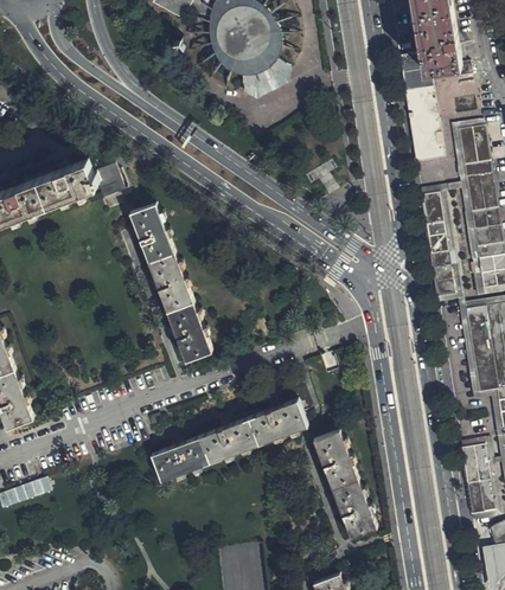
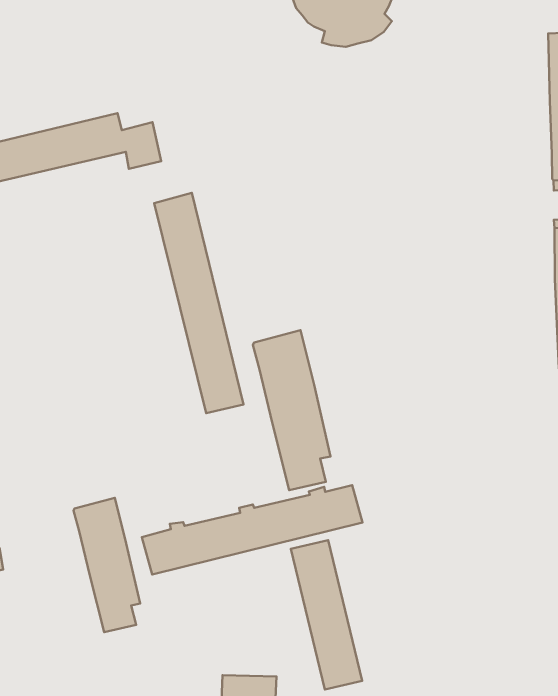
building: none -> [253,330,330,490]
building: none -> [74,498,140,632]
building: [314,432,377,540] -> [291,540,362,689]

